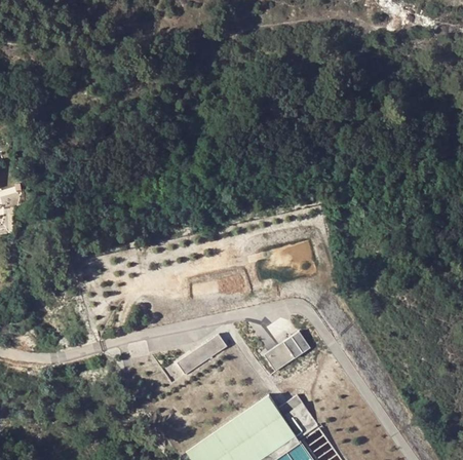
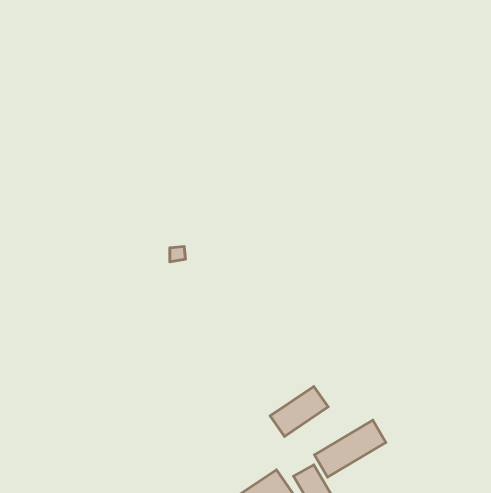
building: [176,335,227,375] -> none
building: none -> [314,420,386,477]

